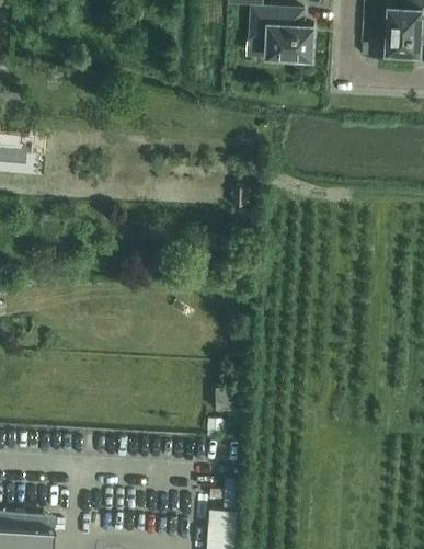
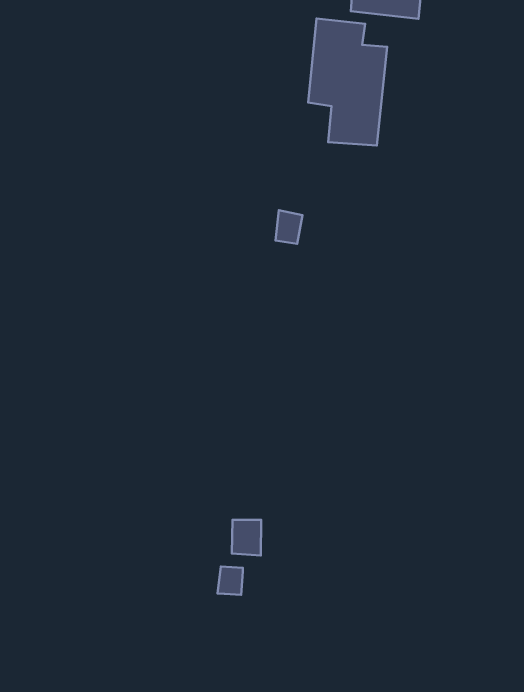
building: none -> [308,18,387,146]

